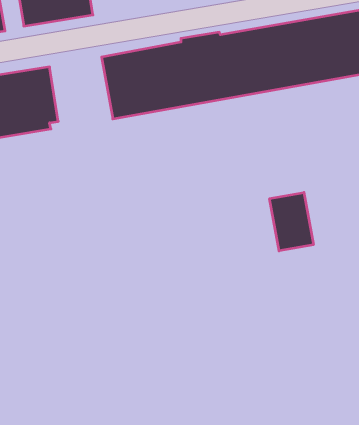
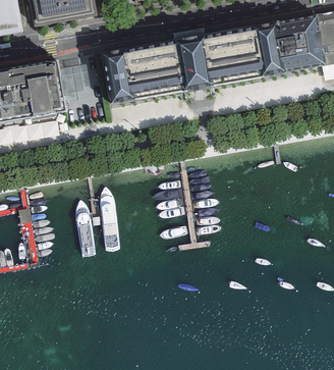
building: [270,192,313,251] -> none

